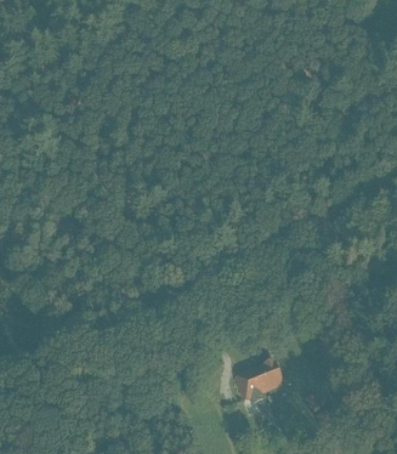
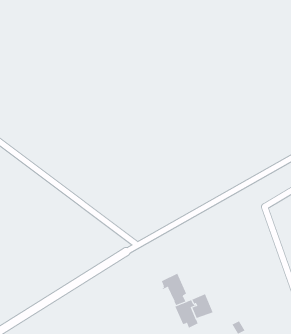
building: none -> [161,273,187,306]

